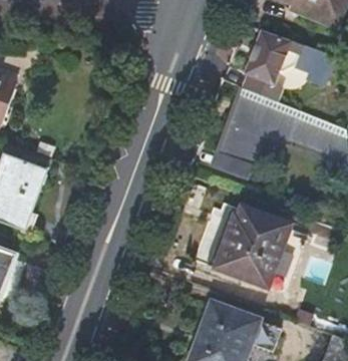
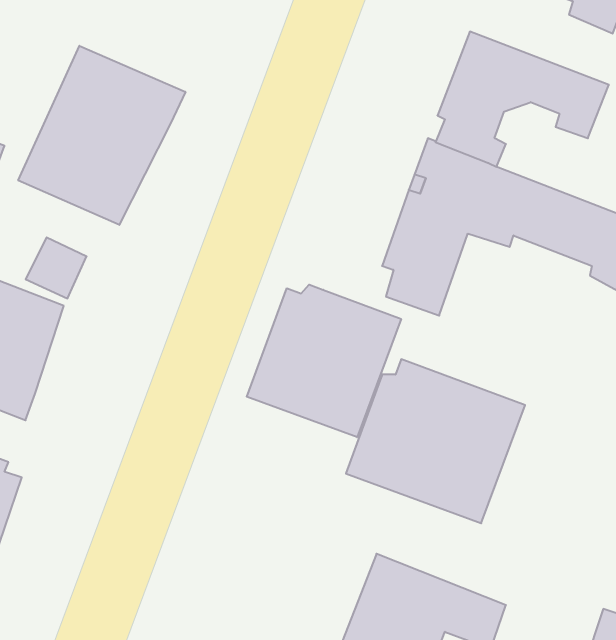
building: none -> [18,46,185,225]
building: none -> [247,285,401,437]

